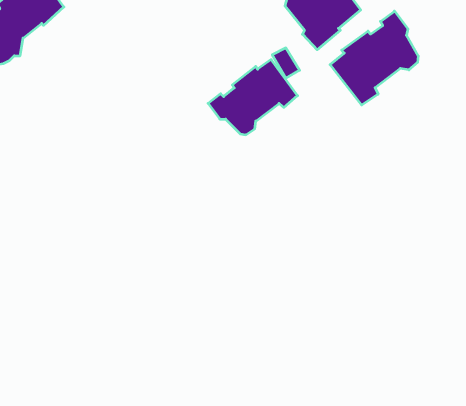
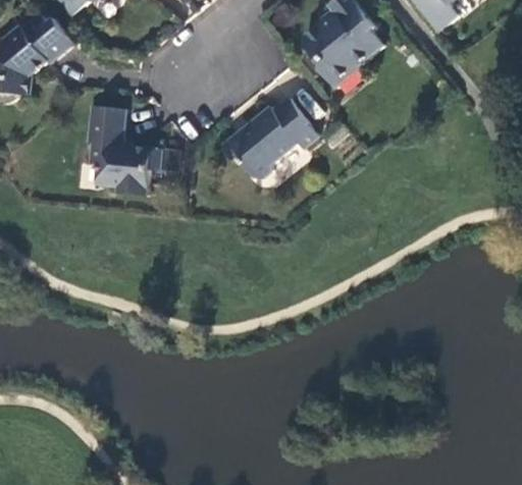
building: [330,11,418,105] -> none
building: none -> [88,105,162,195]

